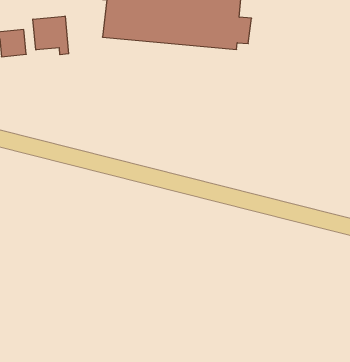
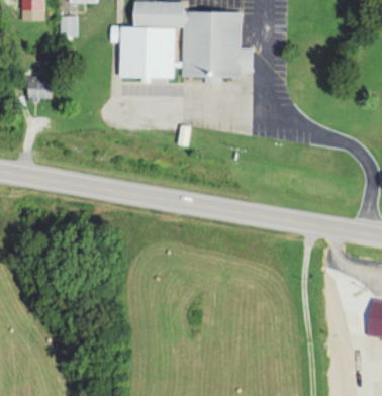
building: [33,16,69,55] -> none

